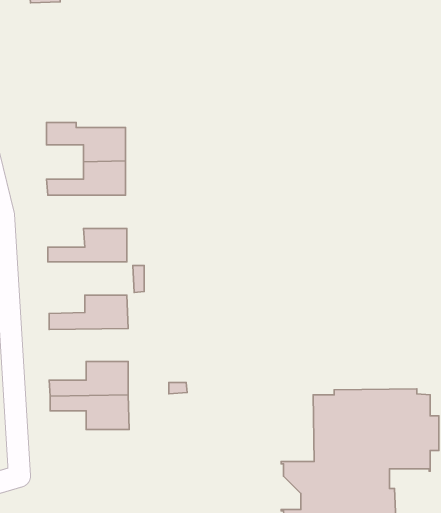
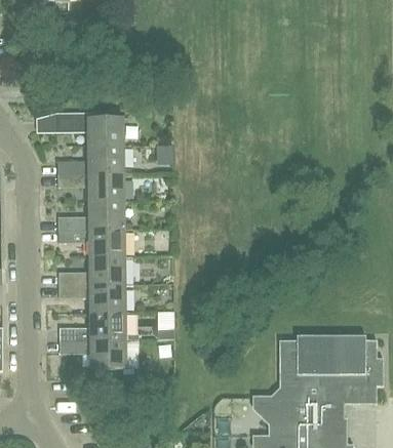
building: none -> [57,174,123,202]
building: none -> [57,230,123,257]
building: none -> [58,285,124,313]

